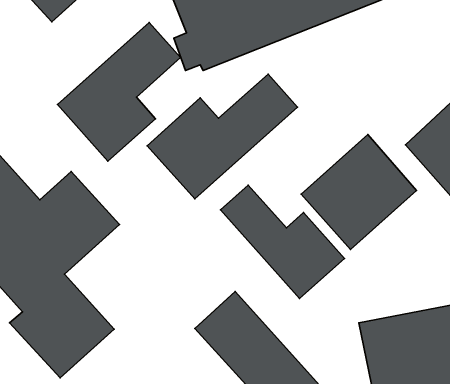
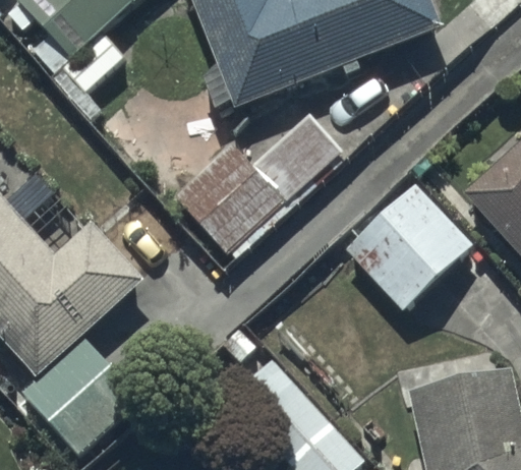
building: [58,23,180,161] -> none
building: [221,185,345,299] -> none

